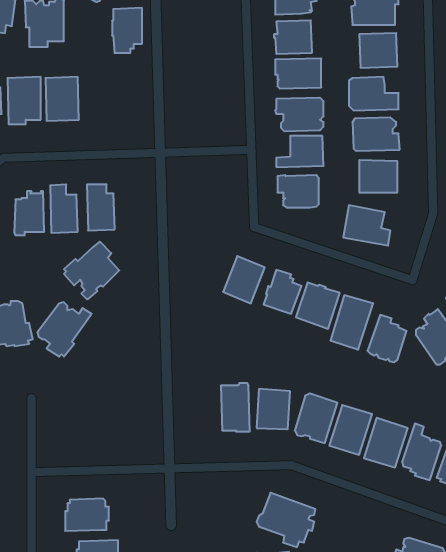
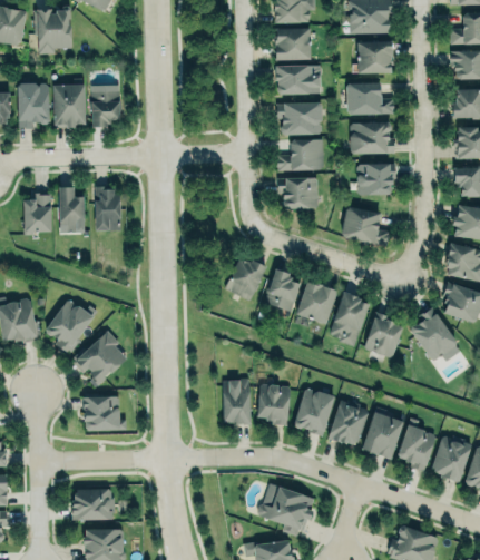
building: [112,8,142,53] -> [90,85,119,128]
building: [64,242,119,299] -> [74,331,127,386]
building: none -> [84,395,126,431]

